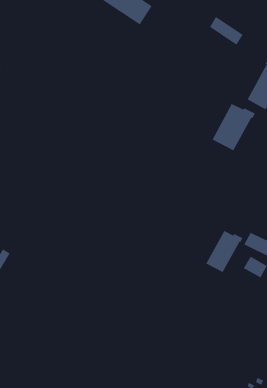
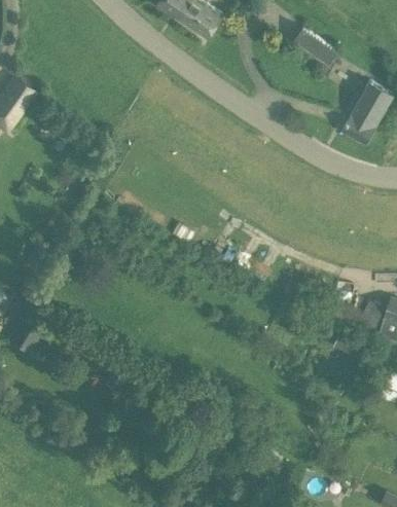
building: [212,103,256,151] -> none
building: [206,230,243,273] -> none

